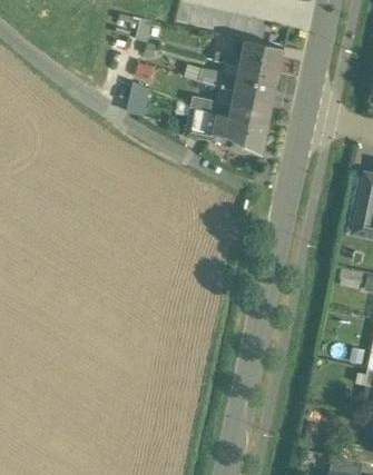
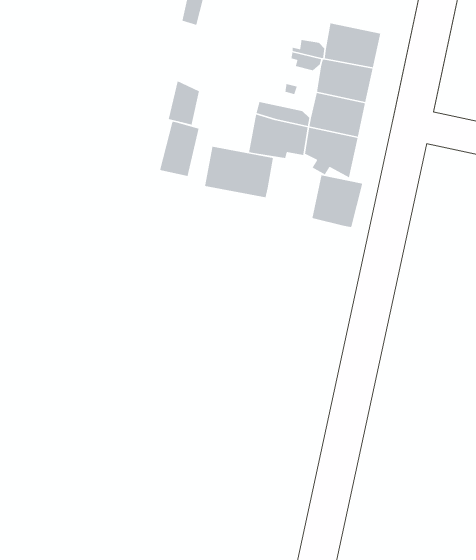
building: none -> [159,121,199,177]
building: none -> [204,146,274,198]
building: none -> [312,175,363,228]

